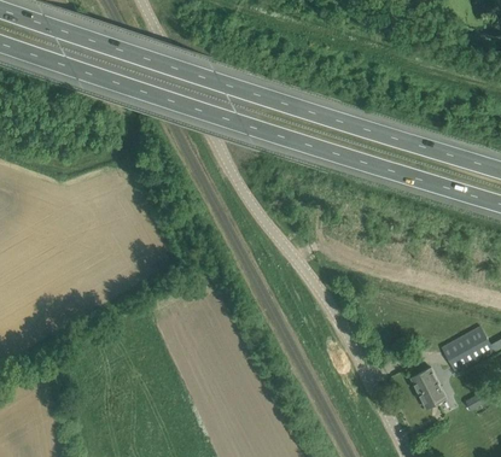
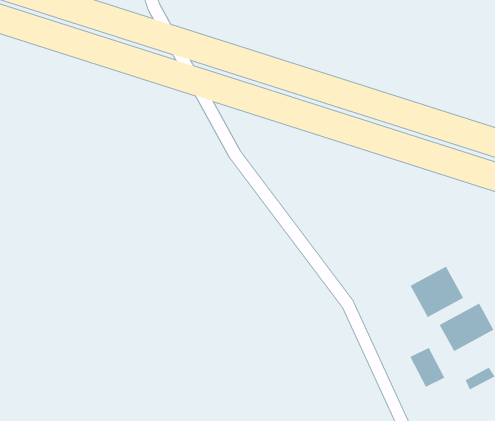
building: none -> [410,266,464,318]

